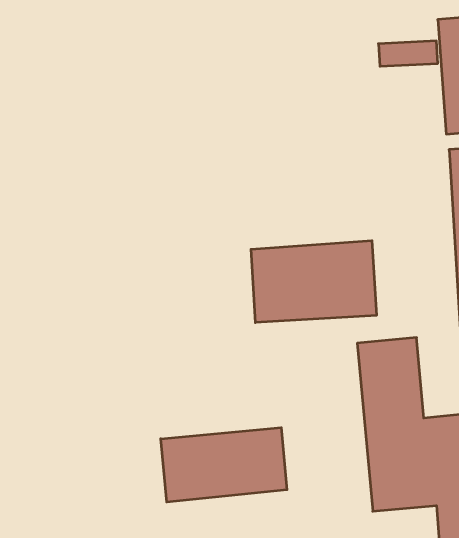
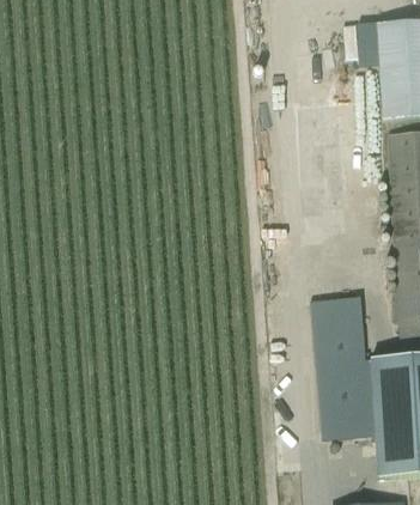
building: [251,241,376,323] -> none
building: [161,428,287,502] -> none

